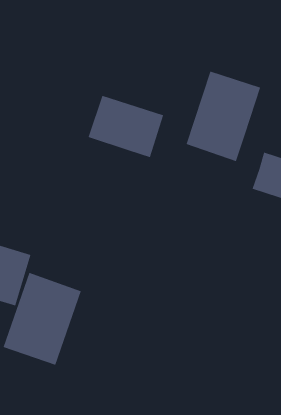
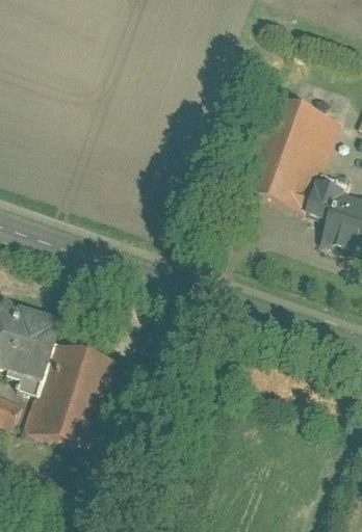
building: [88,95,164,158] -> none
building: none -> [306,178,342,218]

